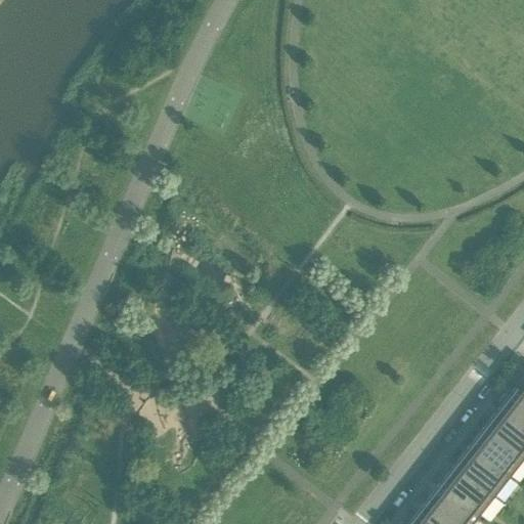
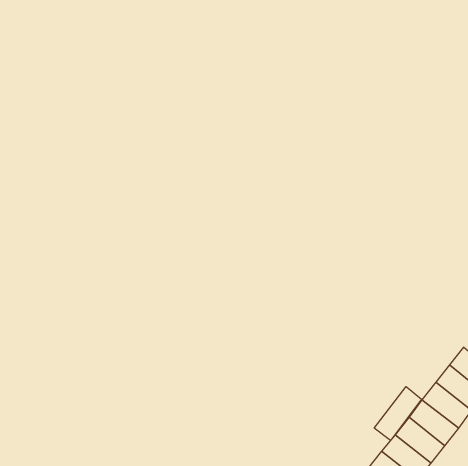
building: none -> [374,387,422,440]

